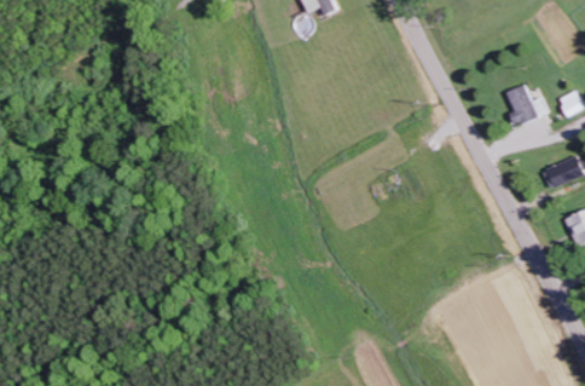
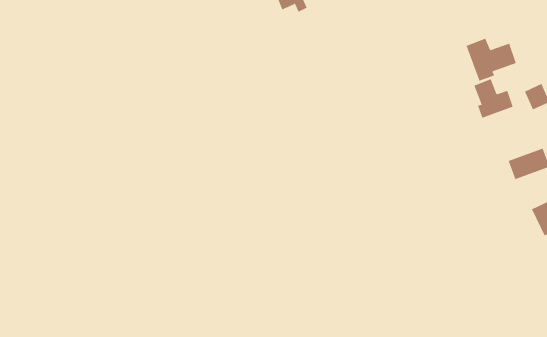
building: none -> [466,38,516,82]

